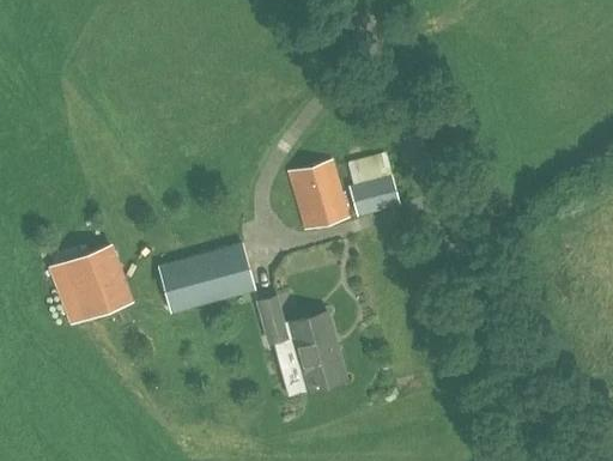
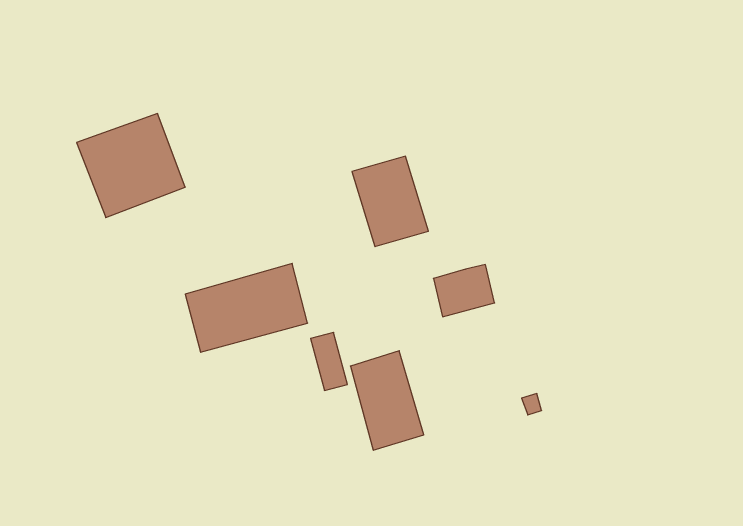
building: [348,176,396,217] -> [433,265,495,317]
building: [48,244,133,326] -> [77,114,185,218]

